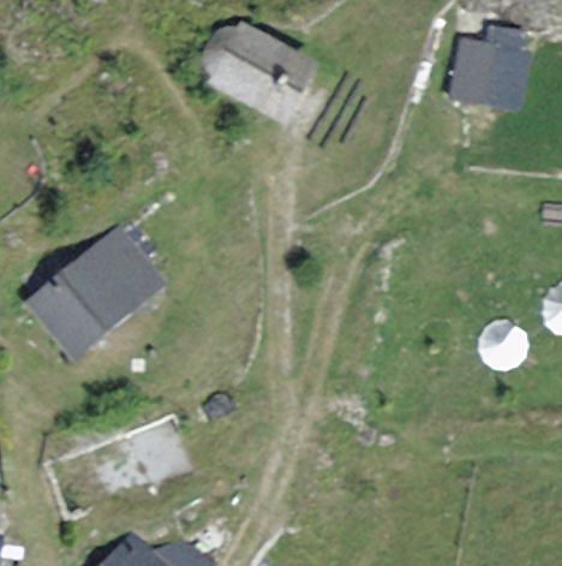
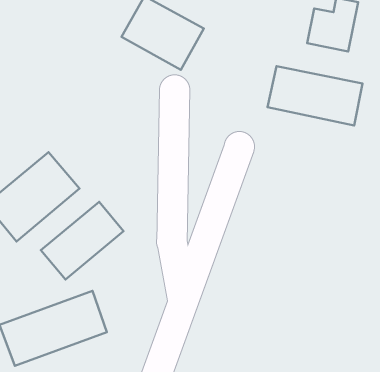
building: none -> [267,66,363,125]
building: none -> [41,202,124,280]

